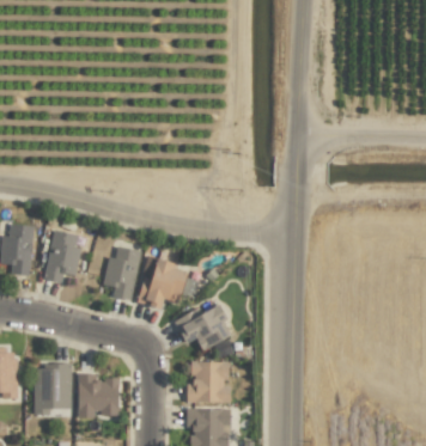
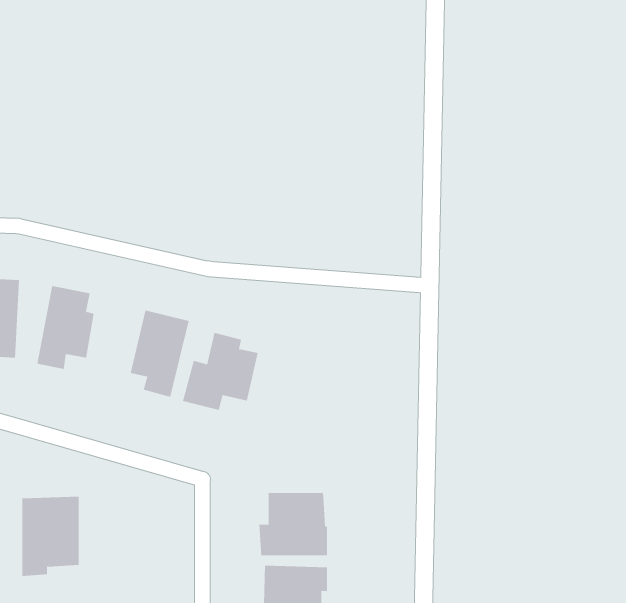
building: [174,304,235,350] -> none
building: [78,372,120,417] -> none

